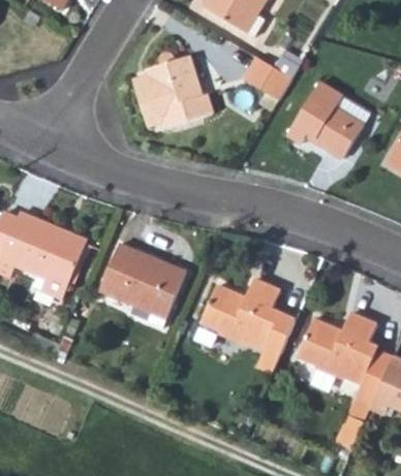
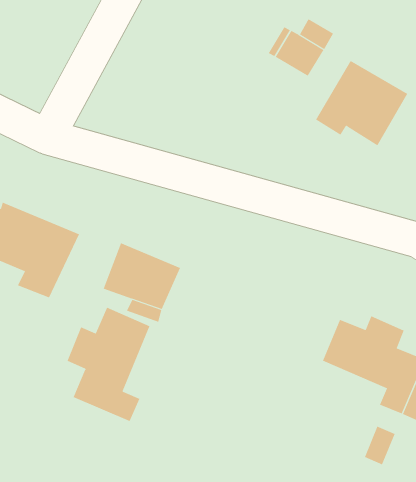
building: [144,51,223,129] -> none
building: [195,279,289,371] -> none
building: none -> [67,307,150,422]

